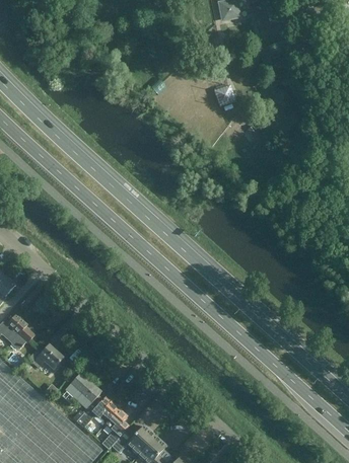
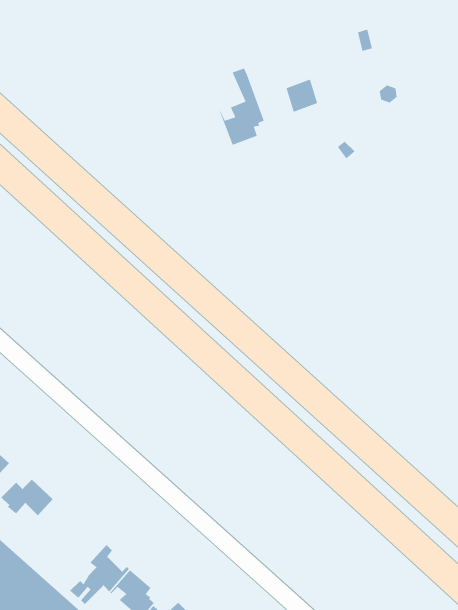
building: none -> [219,67,265,146]
building: [65,372,97,407] -> none

